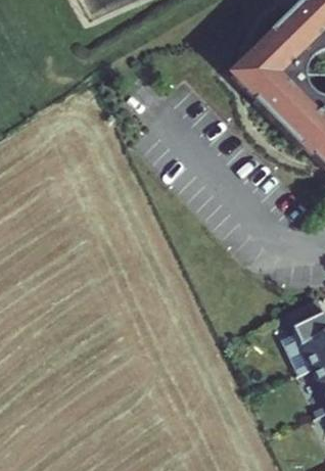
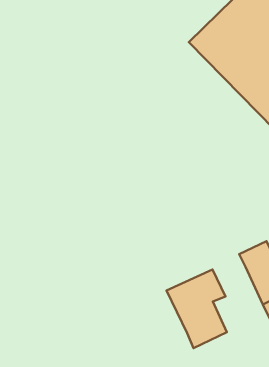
building: none -> [166,269,227,348]

